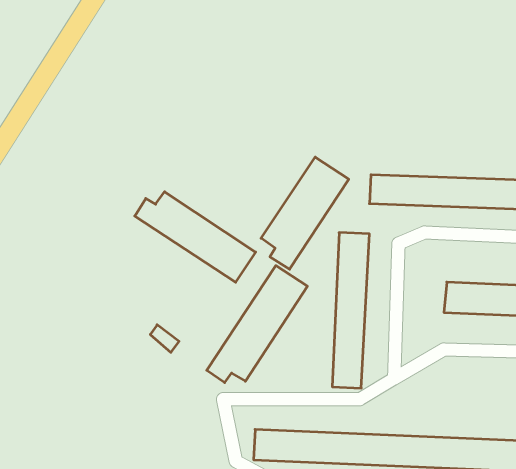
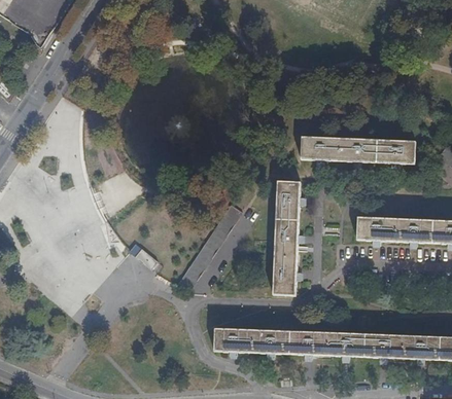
building: [261,157,349,269] -> none
building: [135,192,256,282] -> none

